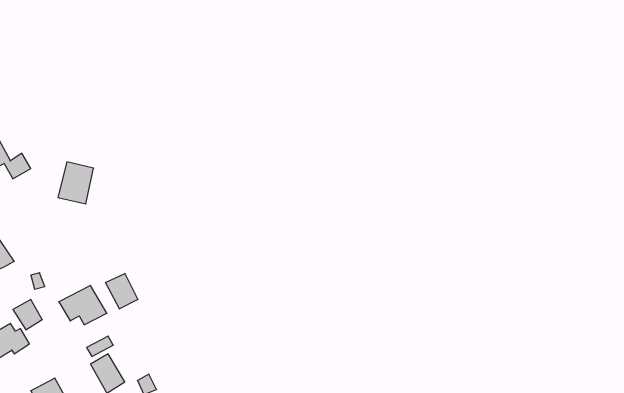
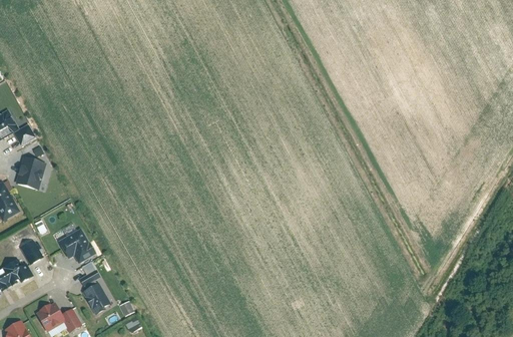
building: [58,162,94,204] -> [17,156,45,190]
building: [106,273,138,309] -> none

